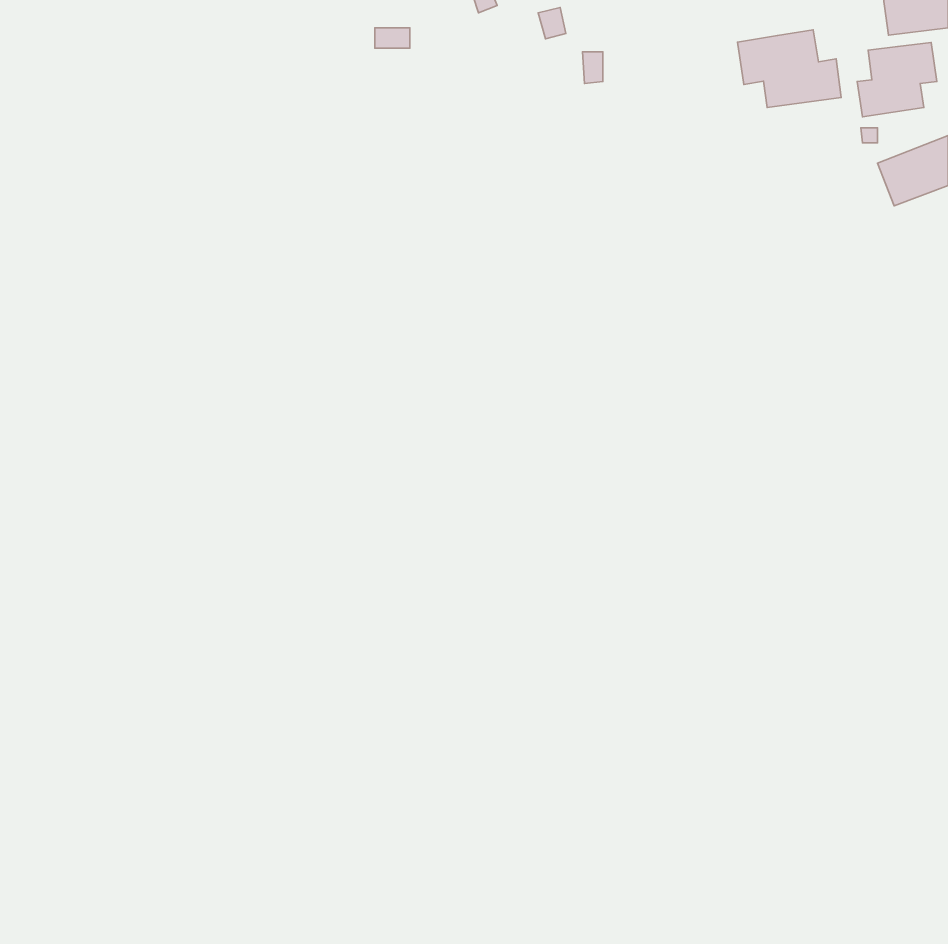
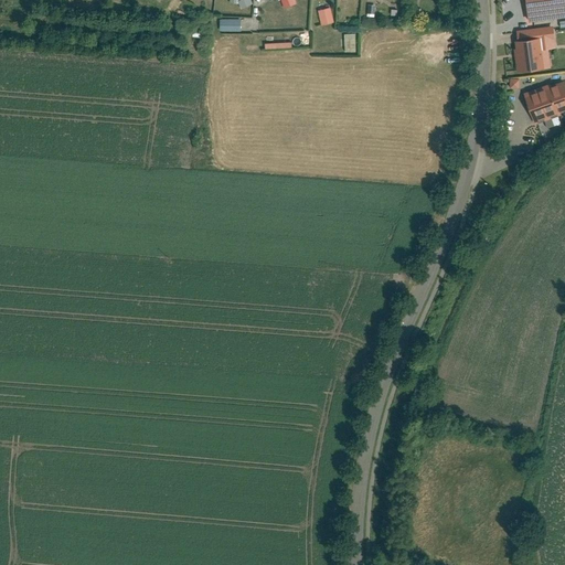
building: [738,30,841,108] -> none

